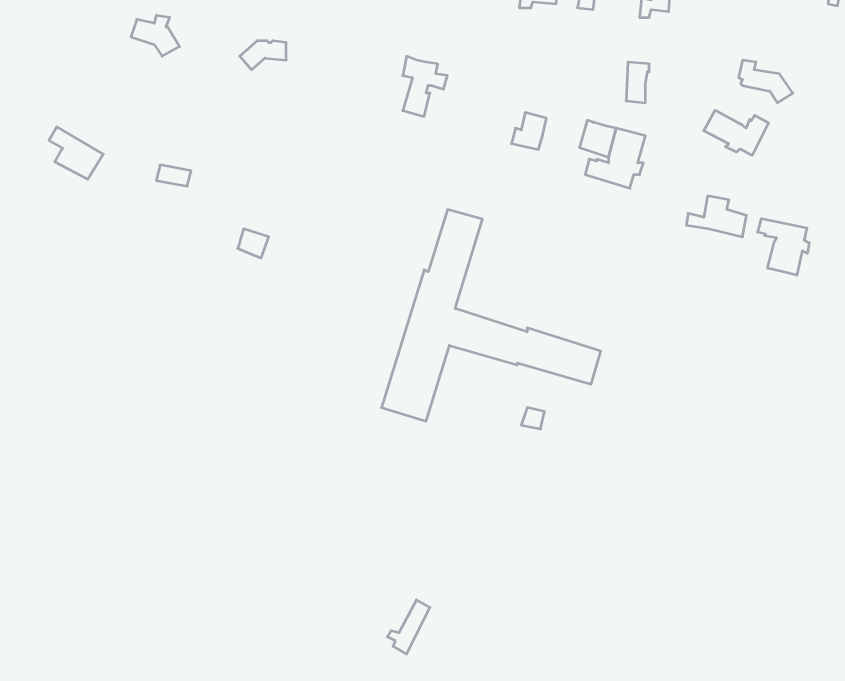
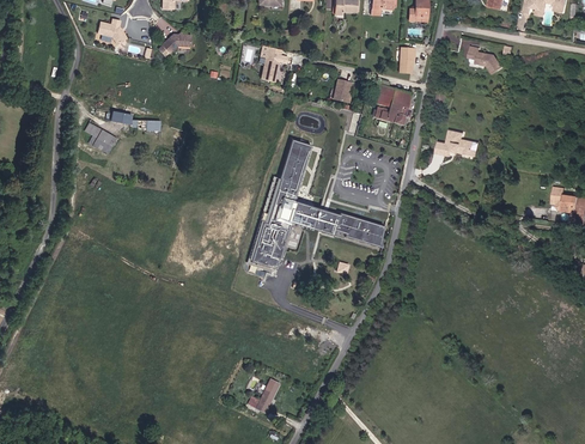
building: [704,110,769,155] -> none
building: [49,127,103,179] -> [84,122,117,154]
building: [758,219,809,275] -> none

